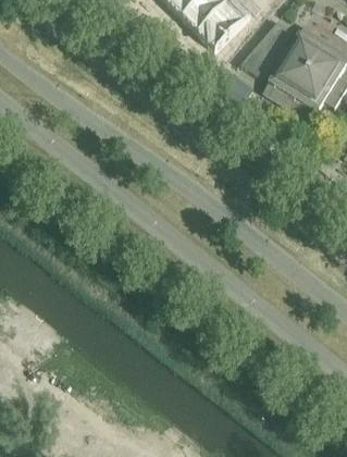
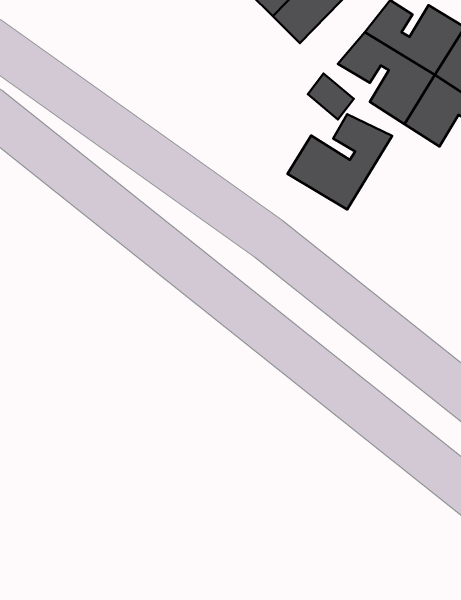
building: none -> [287,114,392,210]

